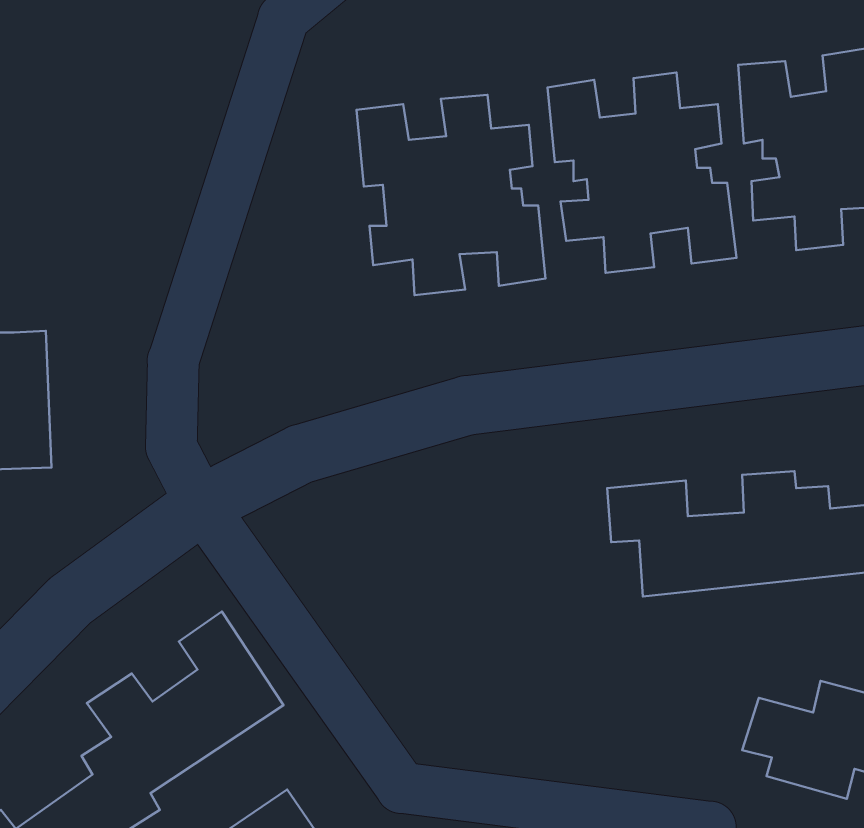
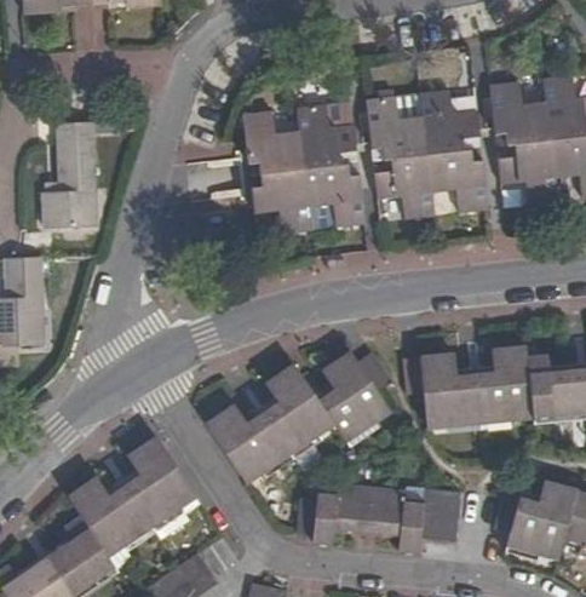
building: none -> [44,122,98,226]
building: none -> [206,352,393,483]
building: none -> [295,487,463,551]

